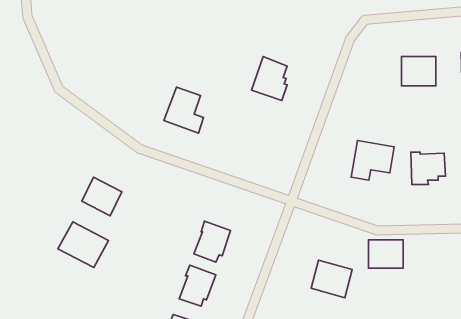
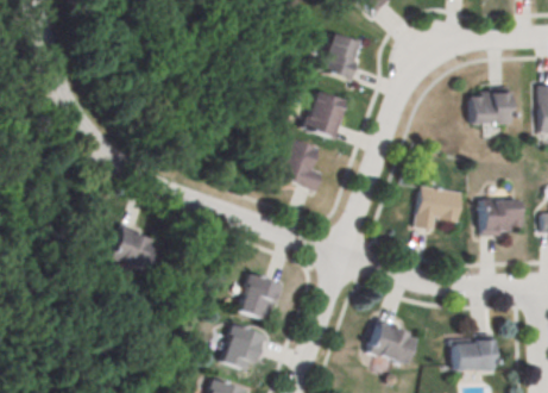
building: none -> [317,31,361,81]
building: [164,87,204,133] -> [276,141,321,193]
building: [58,222,109,268] -> none
building: [369,240,403,268] -> [455,337,495,369]

